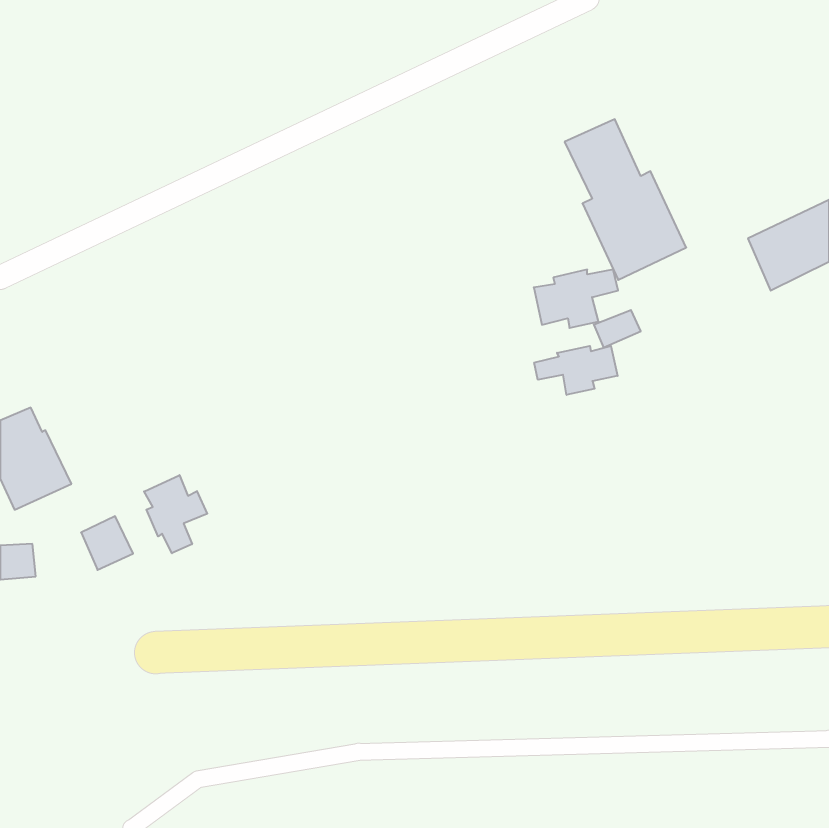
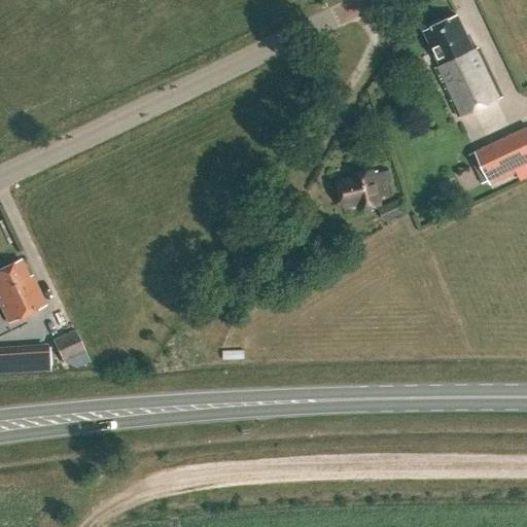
building: [565,119,686,280] -> [425,15,502,117]
building: [534,346,618,395] -> none
building: [144,475,207,553] -> none

